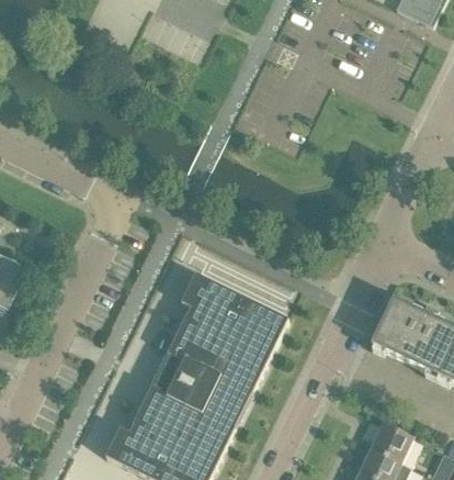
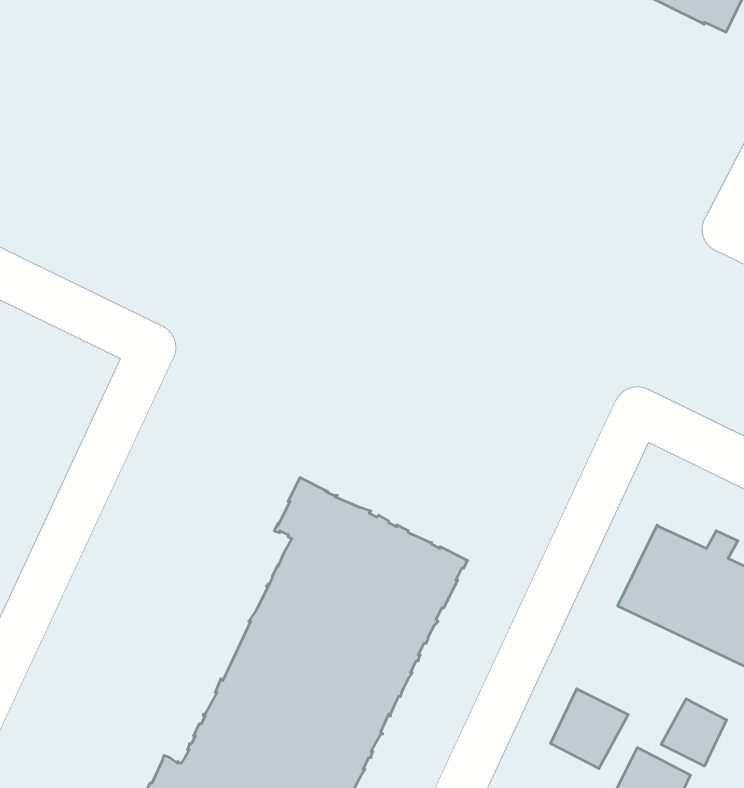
building: none -> [551,689,628,769]
building: none -> [661,699,727,766]

